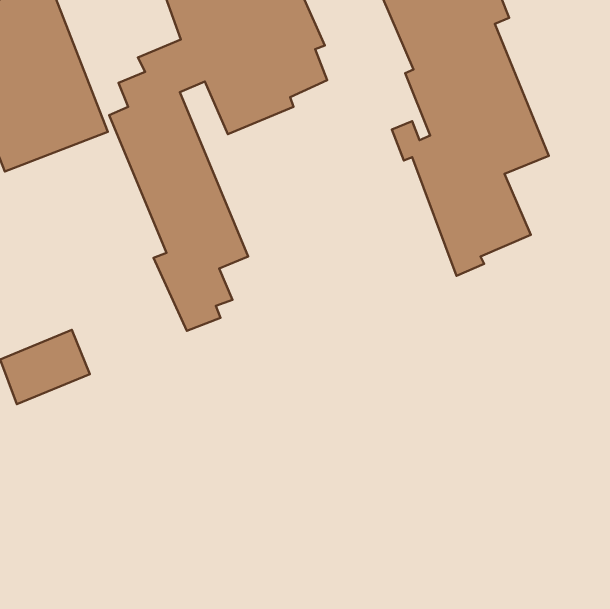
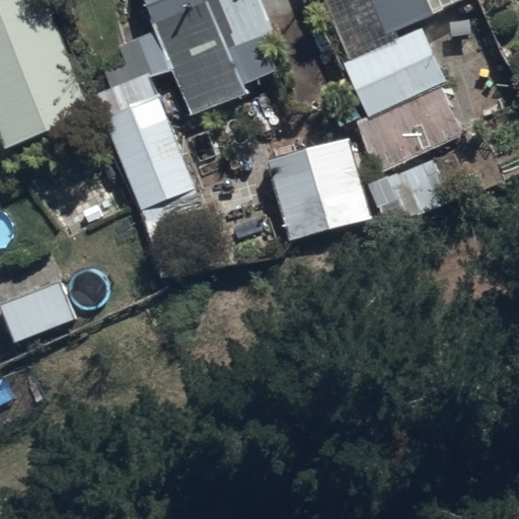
building: none -> [267,137,371,241]

